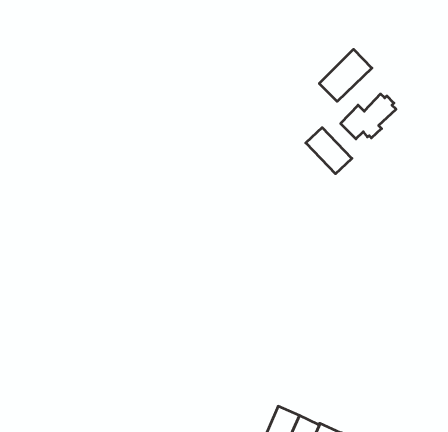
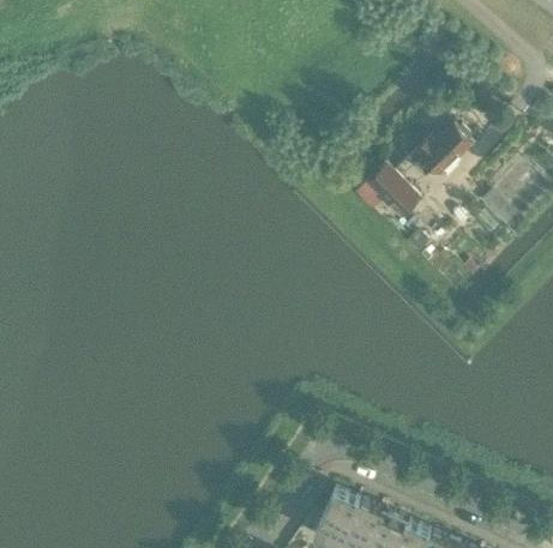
building: [319,49,372,101] -> none

